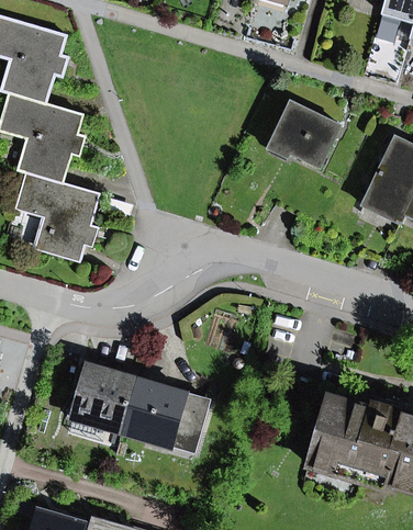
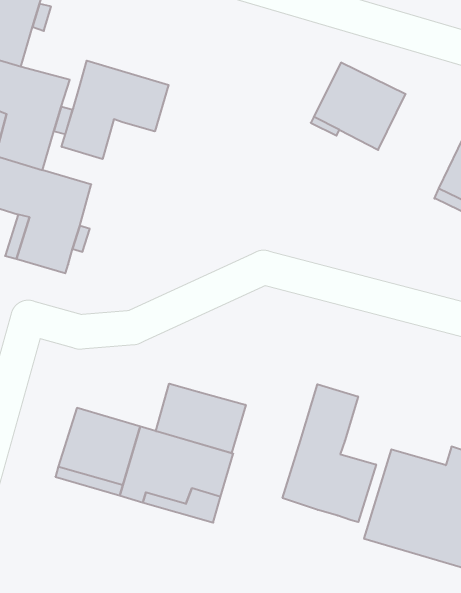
building: none -> [62,61,169,159]
building: none -> [156,384,246,453]
building: none -> [283,384,376,522]

